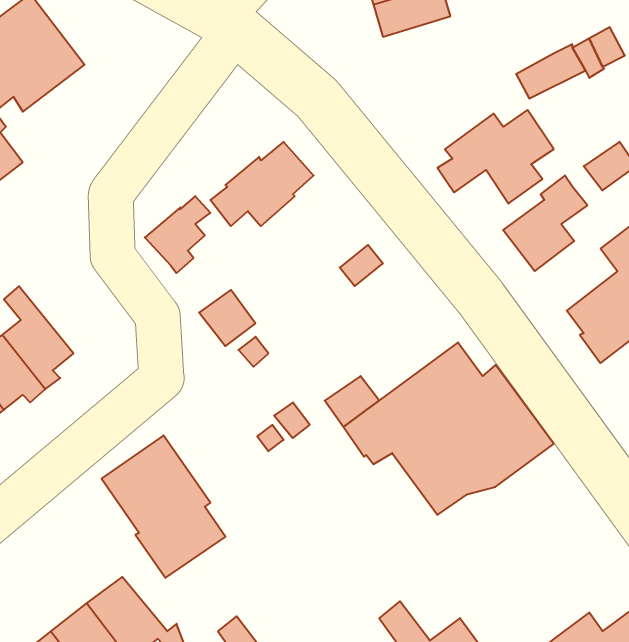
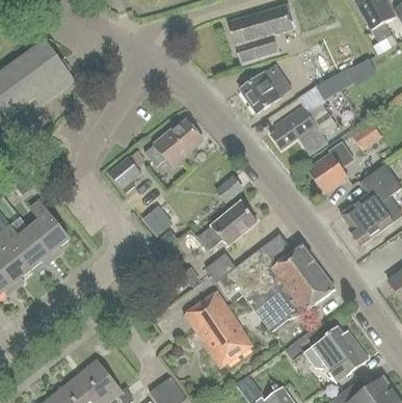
building: none -> [239,64,290,112]
building: none -> [196,202,257,250]
building: [102,435,225,578] -> [184,289,252,368]
building: none -> [285,327,367,382]

